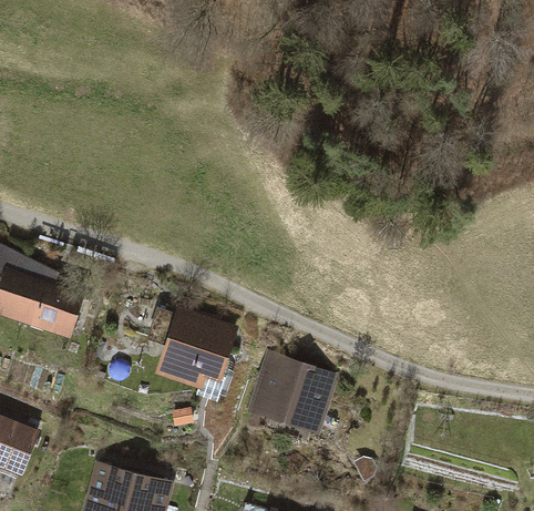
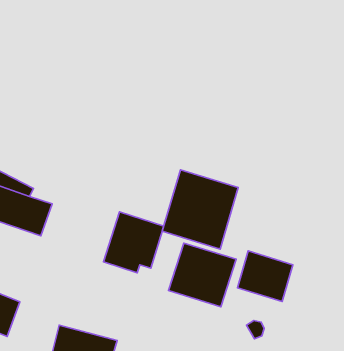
building: none -> [162,170,238,249]
building: none -> [237,251,293,302]

